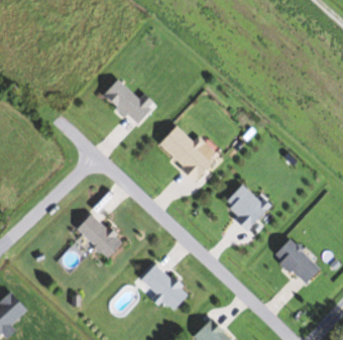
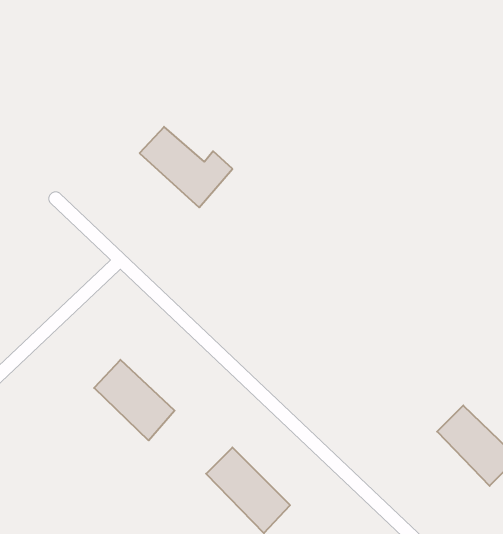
building: [157,125,215,182] -> none
building: [223,184,268,229] -> none

